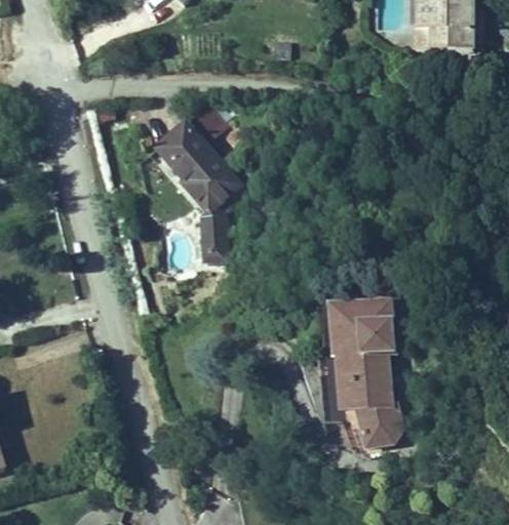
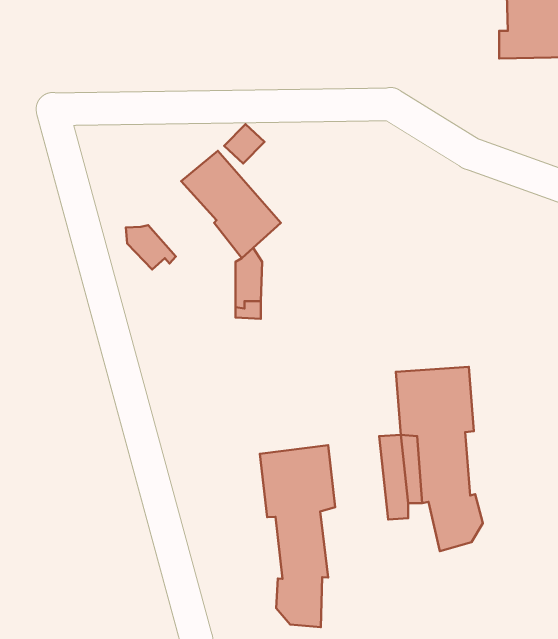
building: none -> [126,225,176,270]
building: none -> [260,445,335,627]

